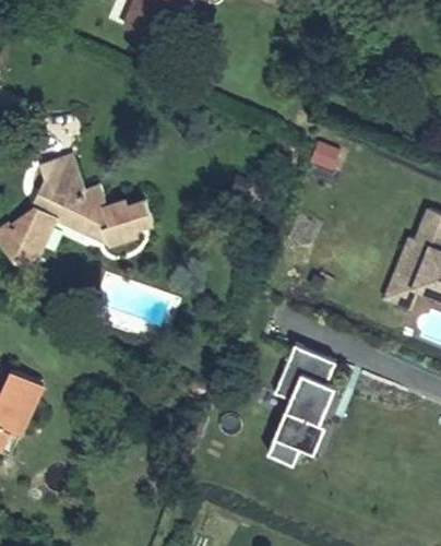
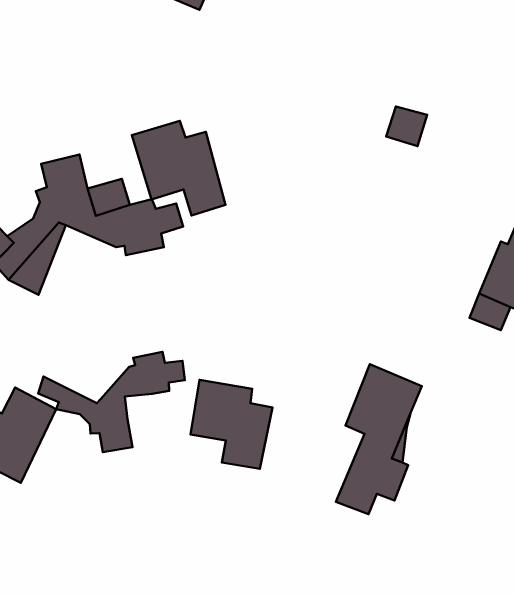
building: none -> [132,121,226,215]
building: none -> [38,352,185,452]
building: none -> [190,380,273,469]

